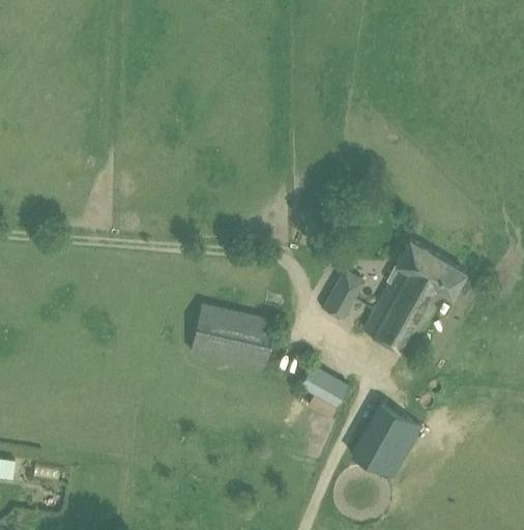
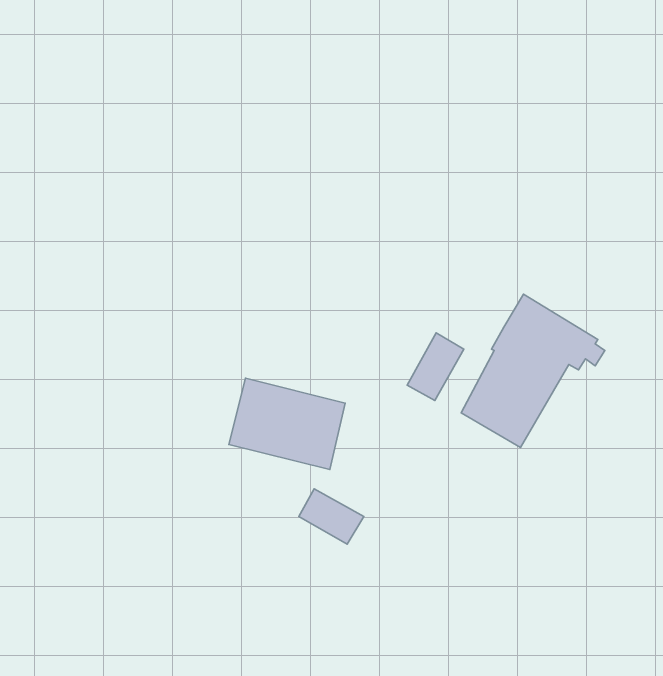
building: [298,365,347,407] -> [299,489,364,544]
building: [349,404,420,479] -> none

